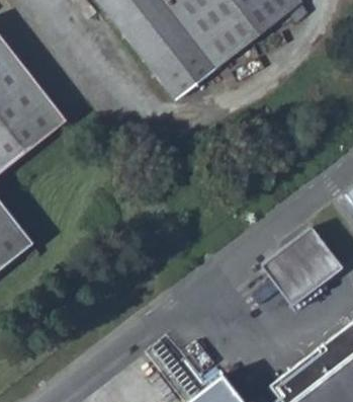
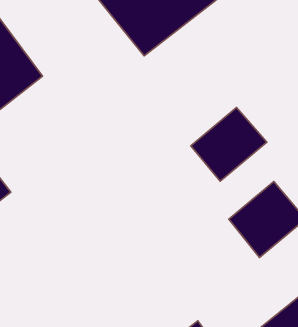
building: none -> [191,108,267,181]

